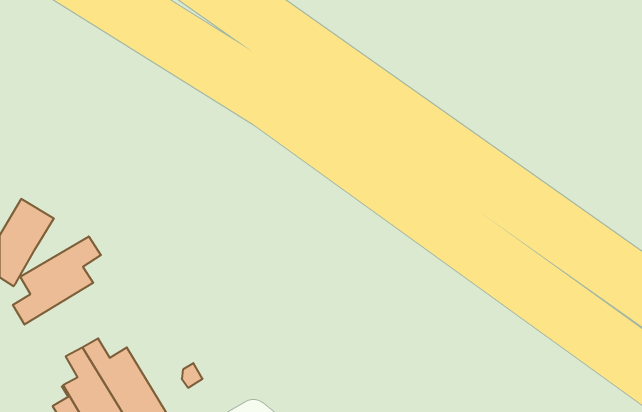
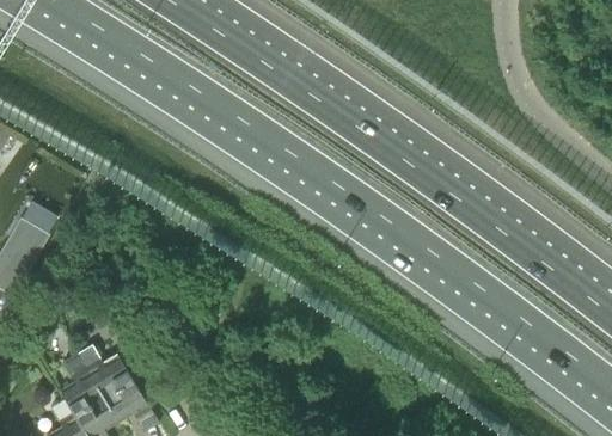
building: [13,236,101,325] -> none

